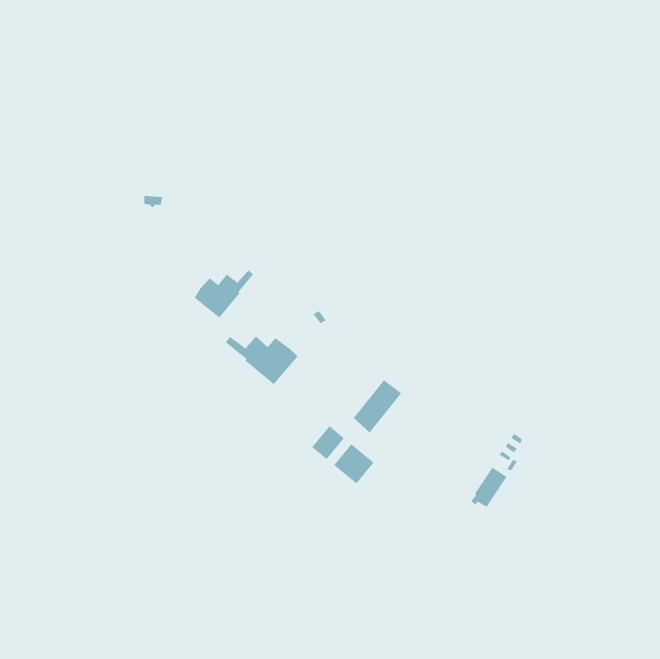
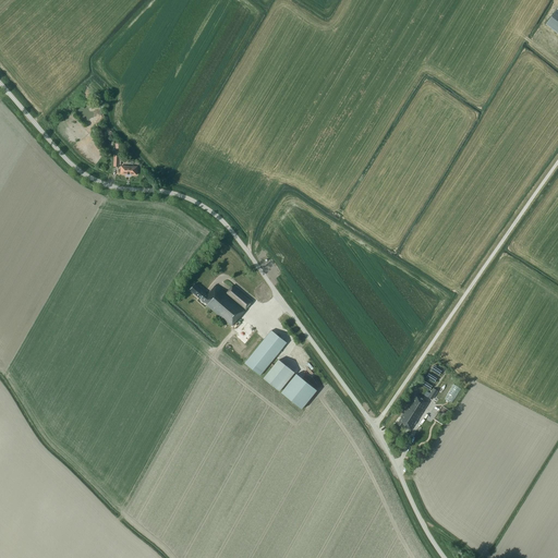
building: [193,270,254,318] -> none
building: [353,379,402,433] -> [245,329,287,375]

